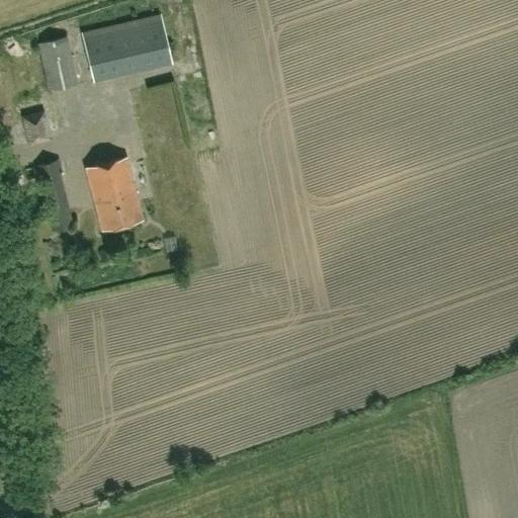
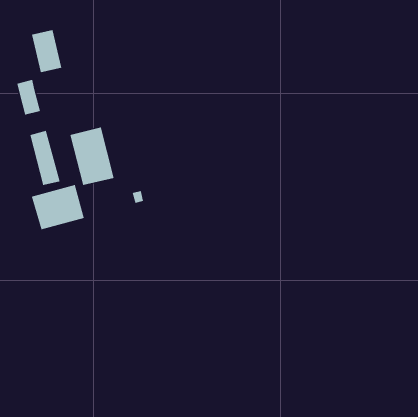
building: [81,15,172,81] -> none
building: none -> [31,184,84,230]

